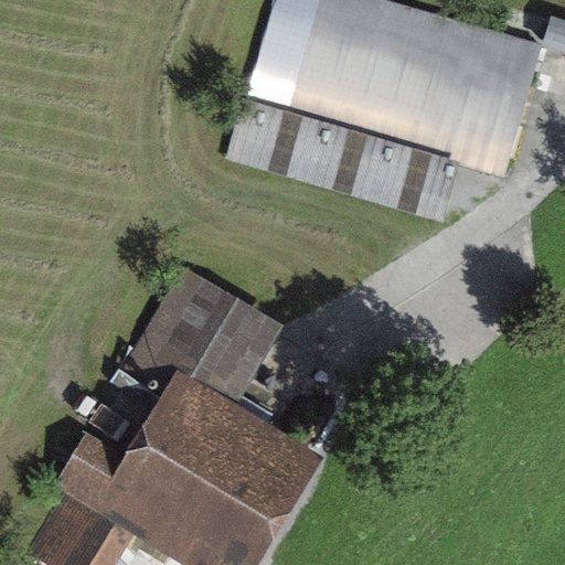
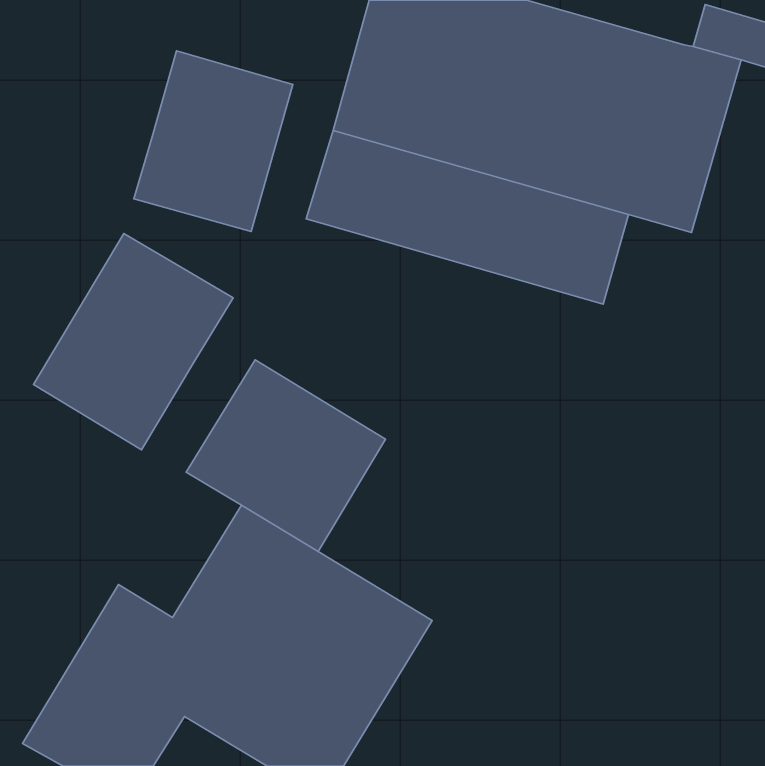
building: none -> [134,51,293,232]
building: none -> [34,233,233,450]

